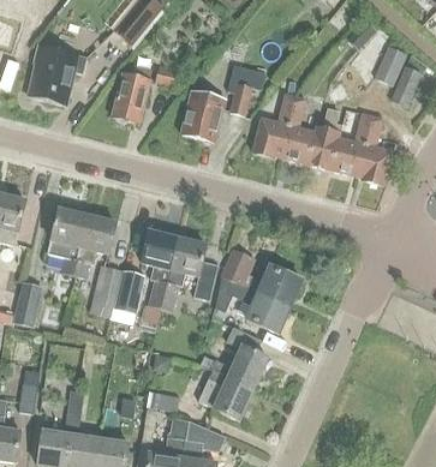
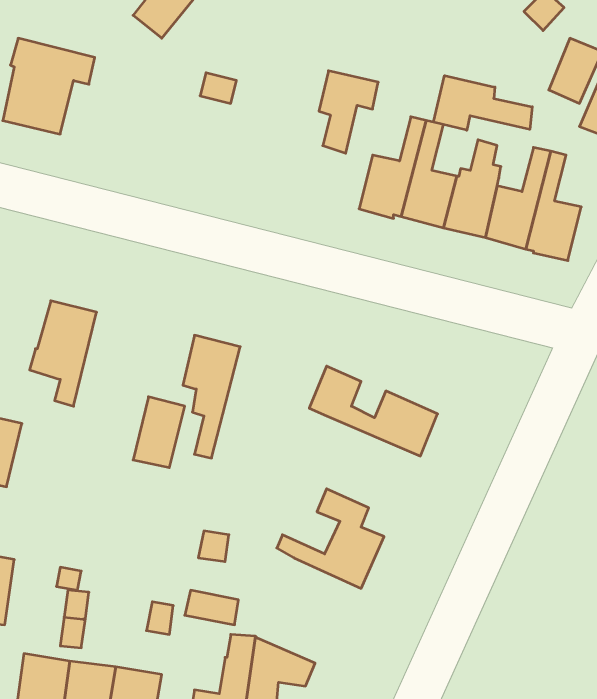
building: none -> [434,76,532,130]
building: [112,72,150,122] -> none
building: [180,90,225,142] -> none
building: [73,216,115,277] -> none
building: [160,238,217,311] -> none
building: [86,264,120,316] -> none
building: [213,276,291,334] -> none
building: [198,370,253,420] -> none

